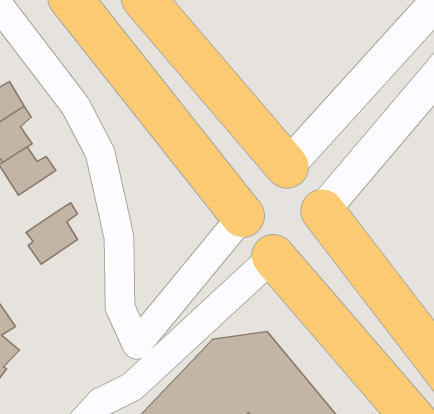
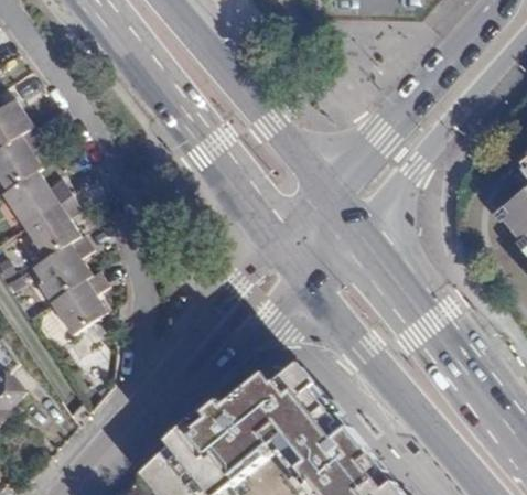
building: none -> [23,196,76,257]
building: none -> [49,270,104,333]

